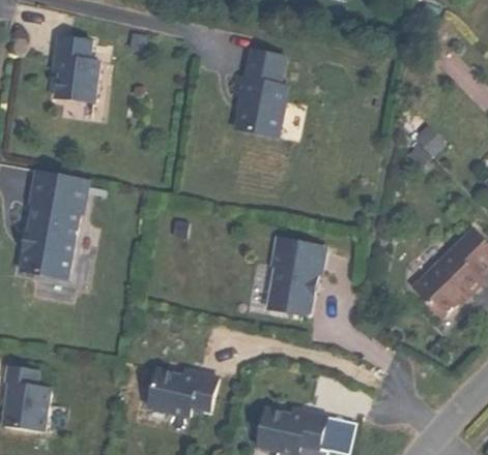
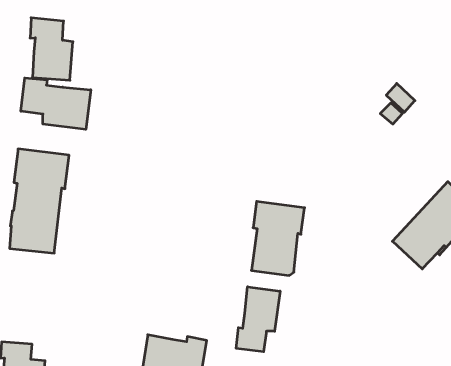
building: [231,50,286,137] -> none
building: none -> [21,78,91,129]
building: none -> [236,287,280,352]

